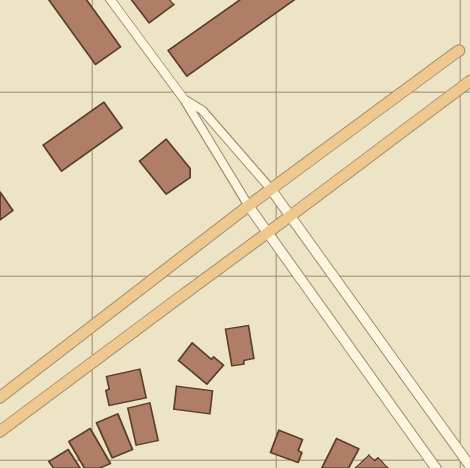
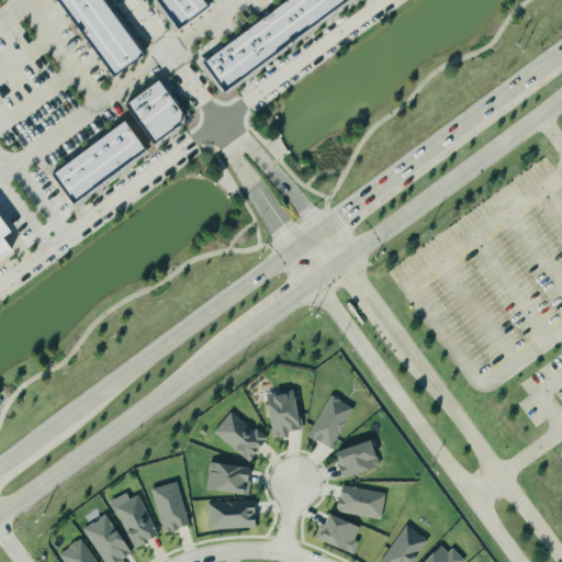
building: [140,139,190,194] -> [124,78,184,144]
building: none -> [305,393,352,446]
building: none -> [336,439,382,477]
building: [106,369,146,405] -> none
building: none -> [338,484,386,518]
building: none -> [207,498,255,527]

